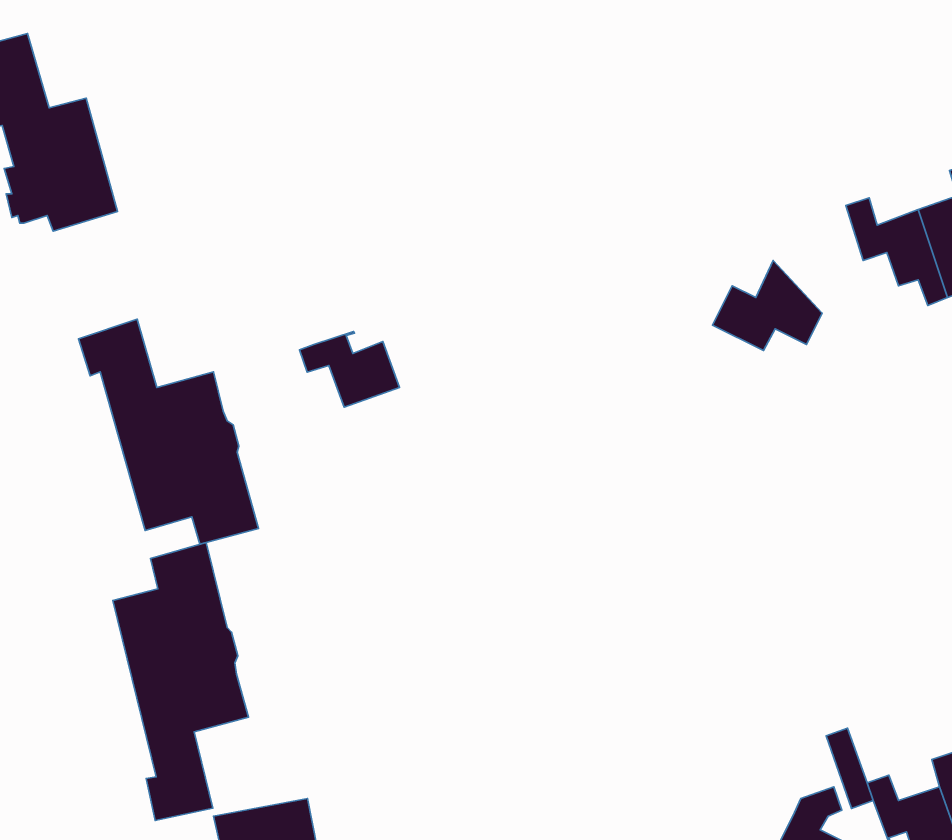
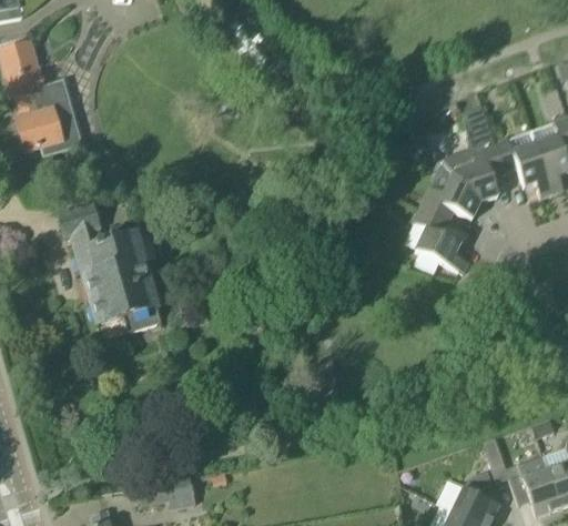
building: none -> [442,102,505,200]
building: none -> [414,206,469,271]
building: [299,332,399,407] -> none
building: [113,542,248,820] -> none

